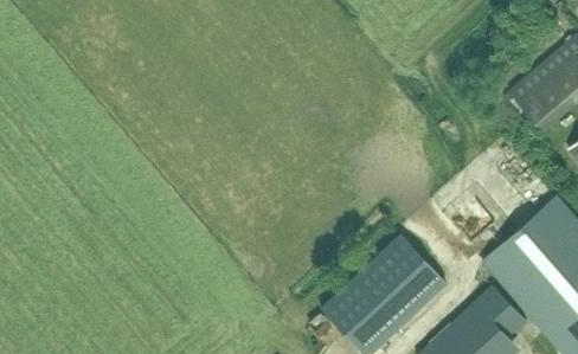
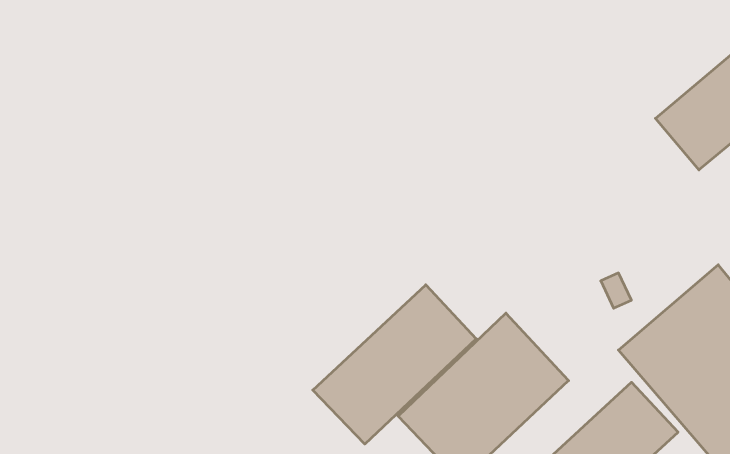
building: none -> [313,285,476,444]

